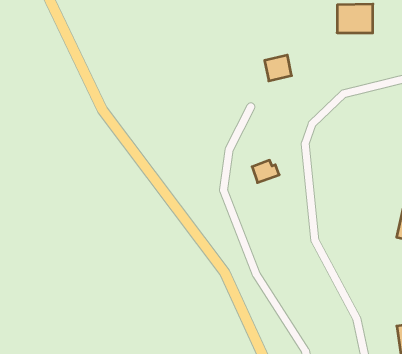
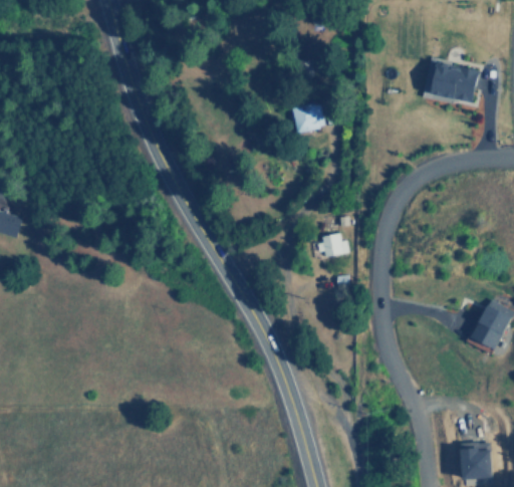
building: [265,55,292,81] -> [292,104,321,132]

